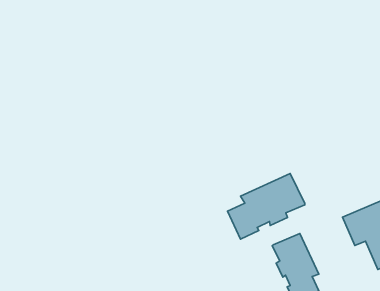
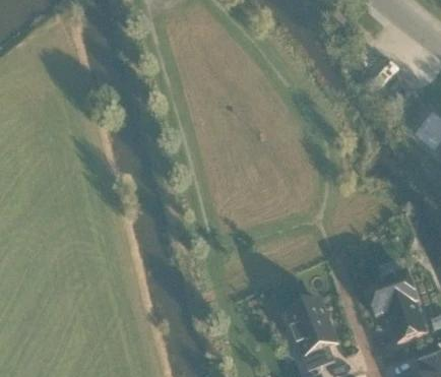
building: [227,174,305,239] -> none

